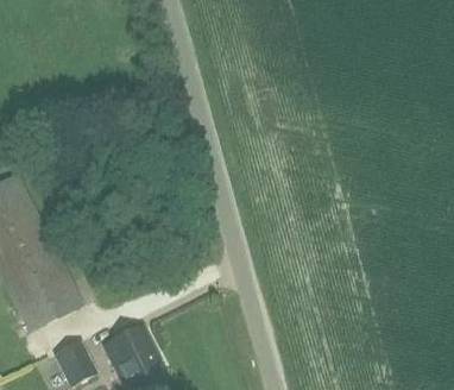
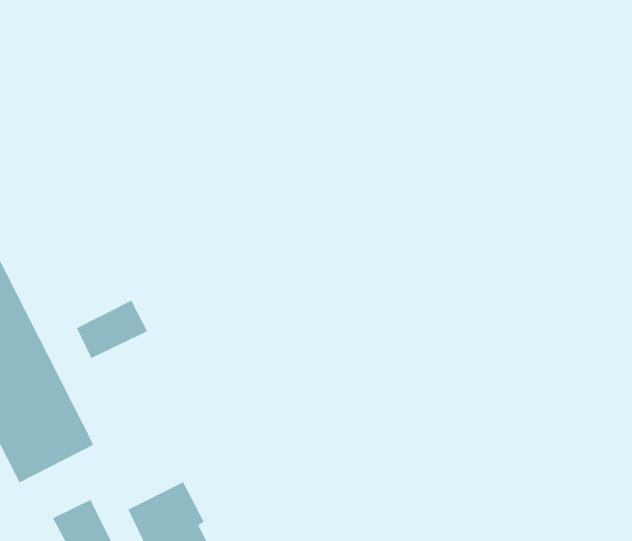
building: none -> [76,300,148,359]

